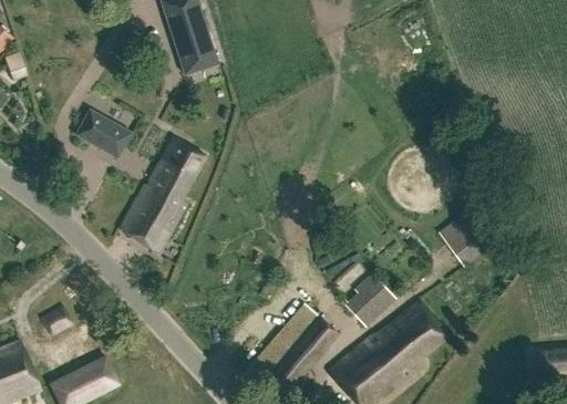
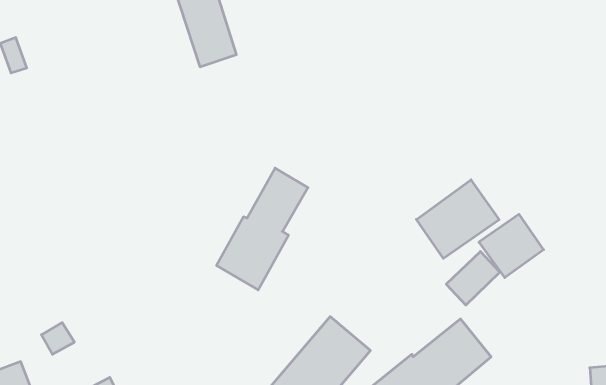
building: [74,108,131,157] -> none
building: [122,143,205,253] -> [217,168,308,290]
building: none -> [416,180,499,258]
building: [341,271,390,320] -> [446,251,500,305]

